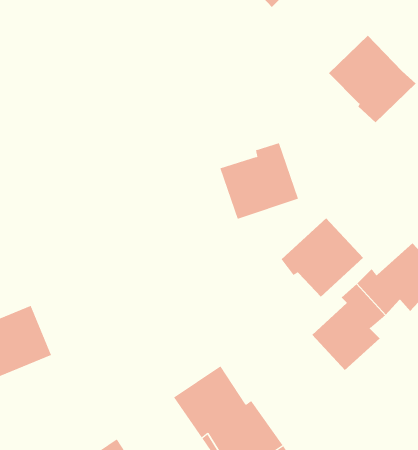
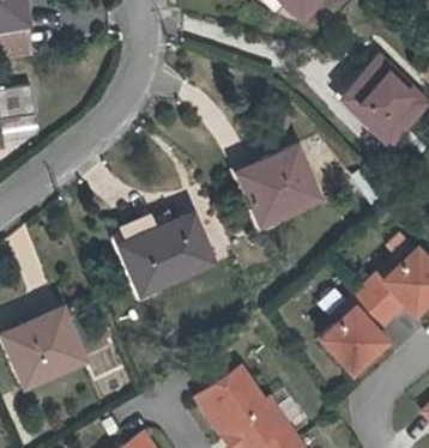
building: none -> [122,219,211,290]
building: [281,217,364,298] -> none

